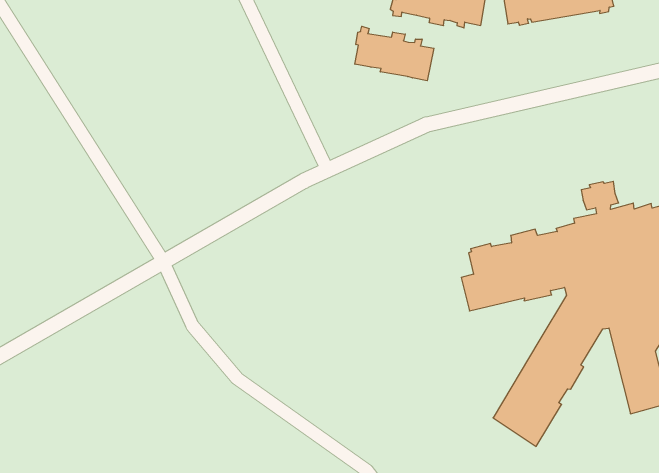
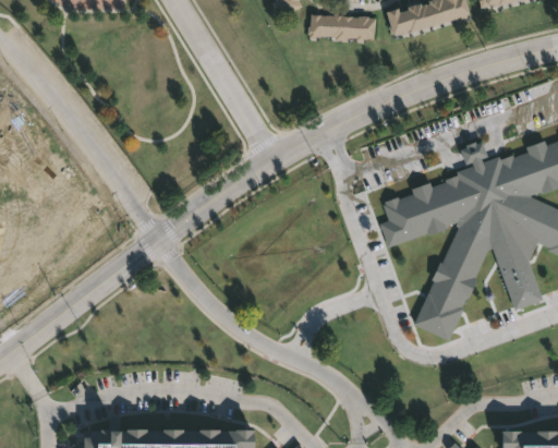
building: [355,26,434,81] -> none

